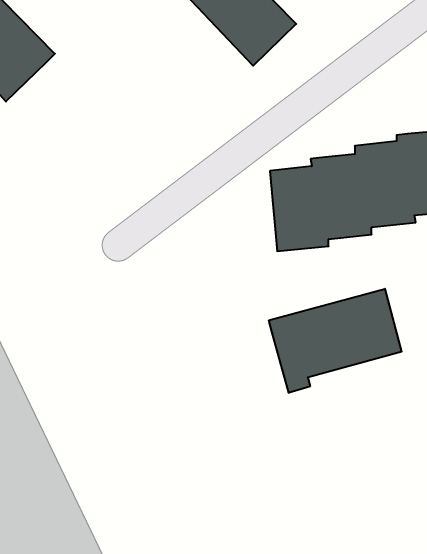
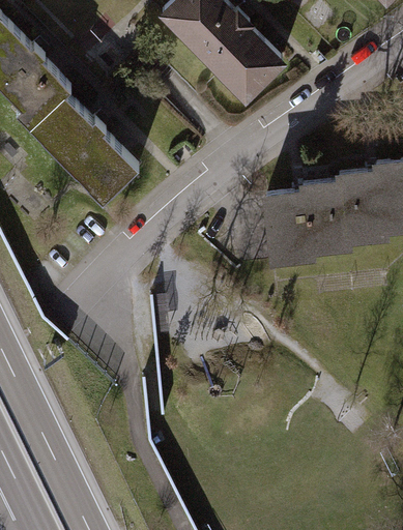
building: none -> [32,98,141,207]
building: [269,289,402,393] -> none

